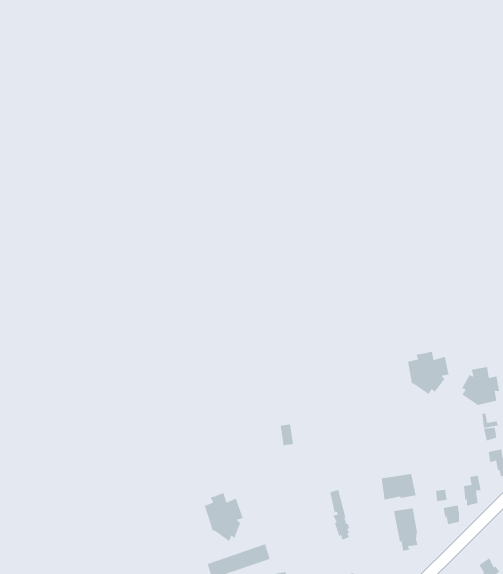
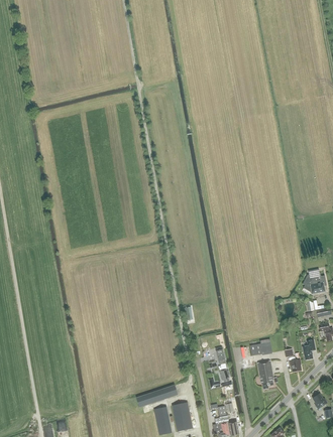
building: [408,351,449,395] -> none
building: [204,492,244,542] -> none

